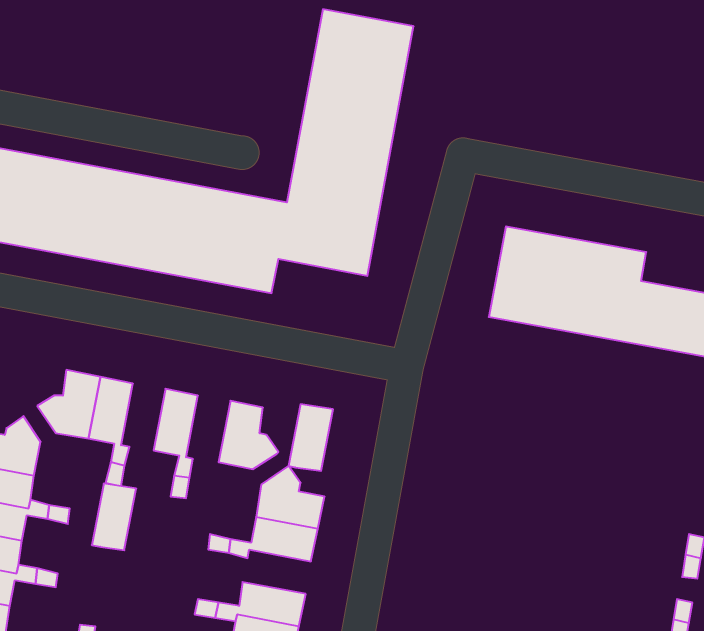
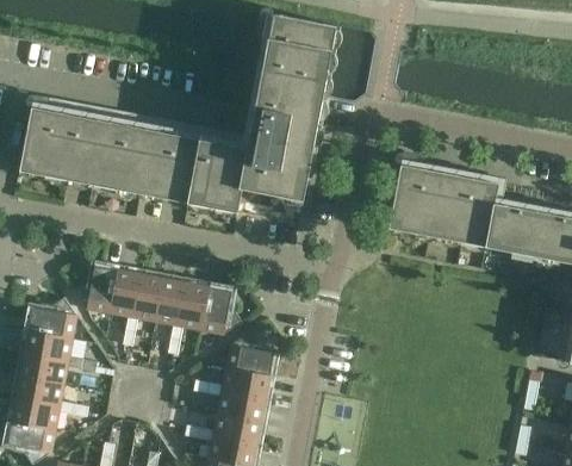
building: [289,404,333,471] -> [178,282,209,329]
building: [92,484,136,550] -> [132,274,163,321]
building: none -> [217,390,265,421]

